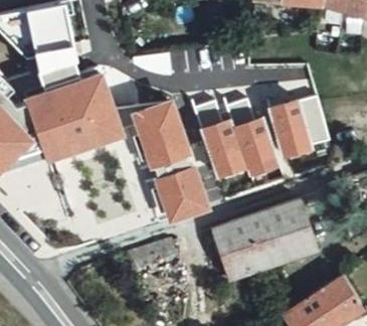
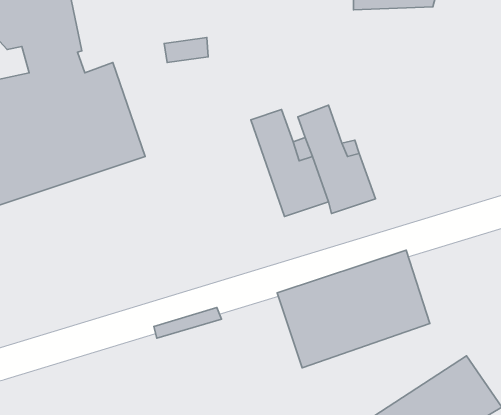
building: [269,96,330,157] -> none
building: [136,107,205,220] -> none

